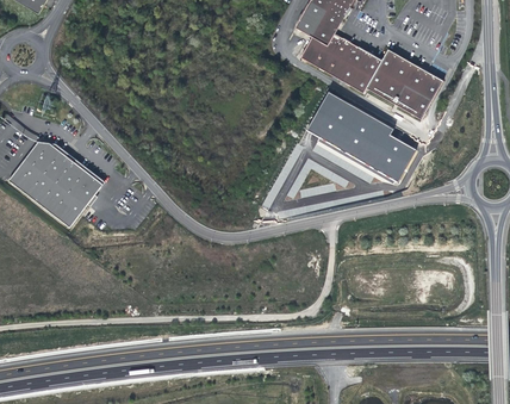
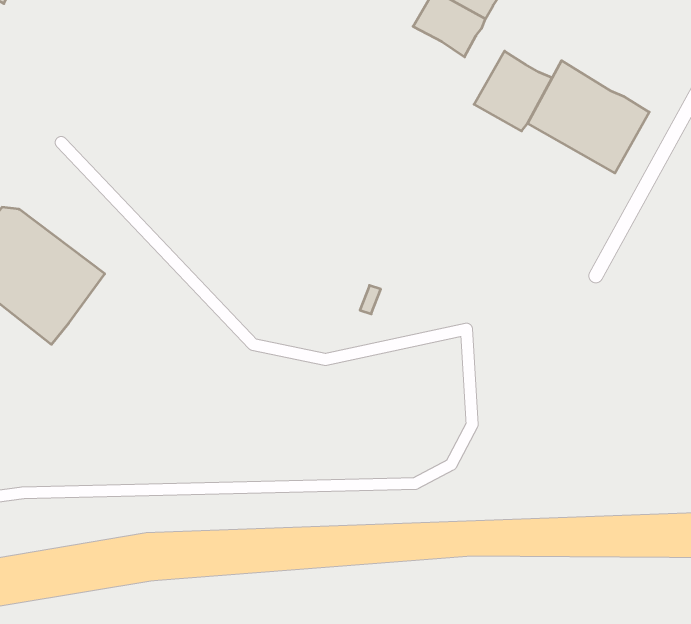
building: [299,32,350,75] -> none
building: [303,89,412,180] -> none

